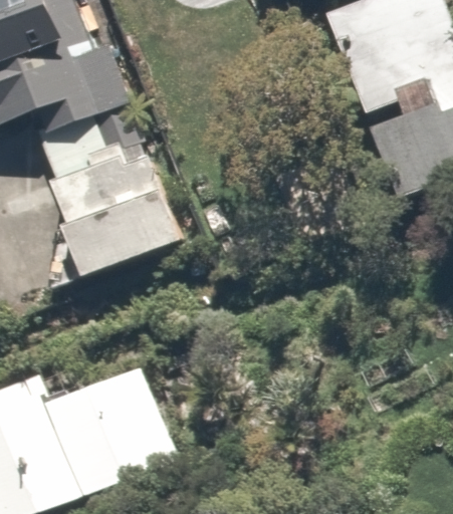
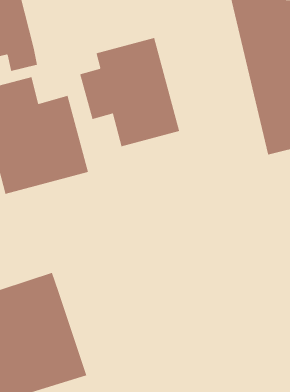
building: none -> [80,37,180,147]

